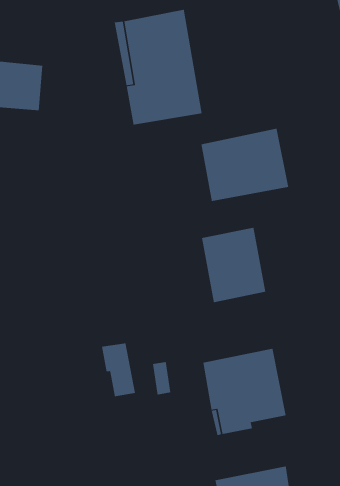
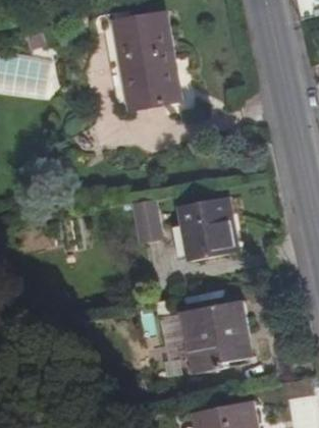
building: [201,128,289,202] -> none
building: none -> [134,200,163,242]
building: [101,343,136,397] -> [157,312,187,358]

